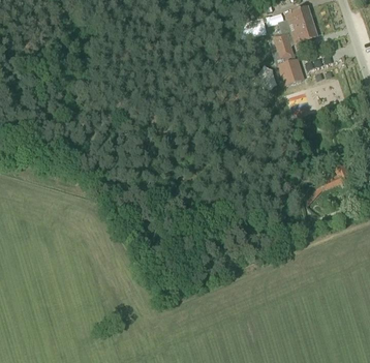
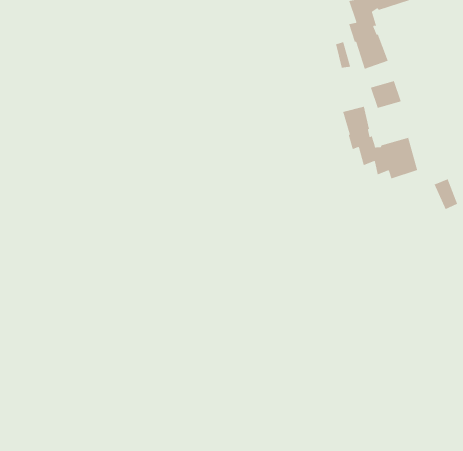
building: none -> [342,106,418,180]

